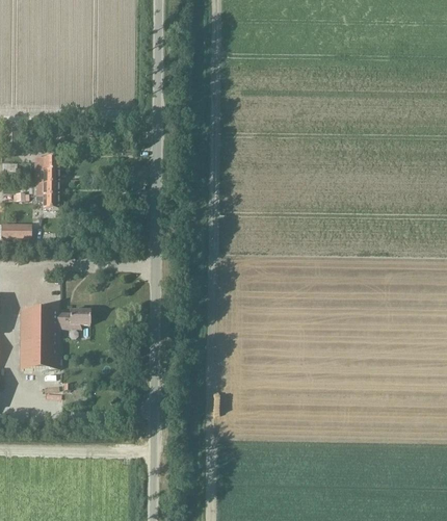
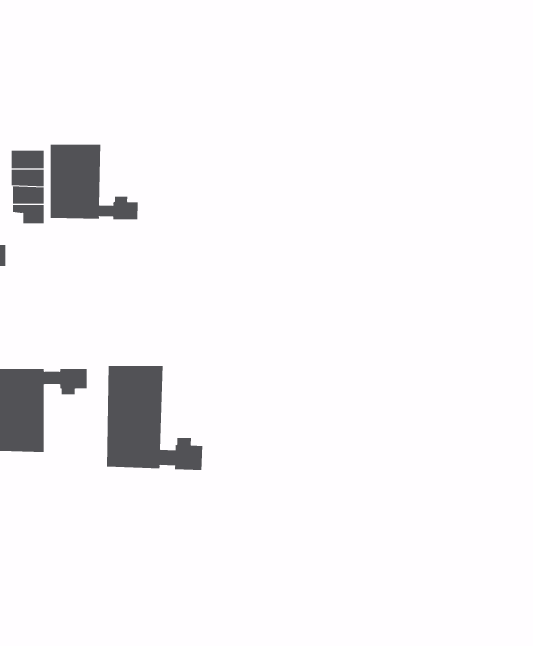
building: none -> [50,144,138,220]
building: none -> [106,365,203,471]

